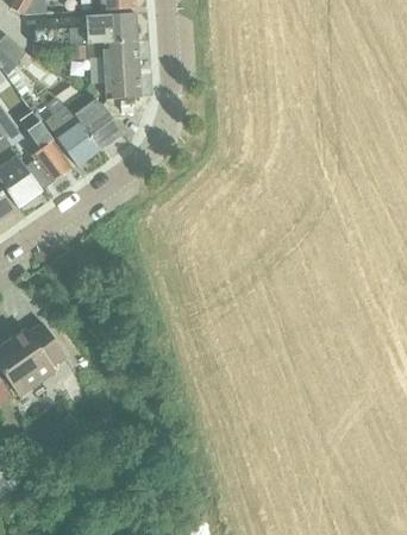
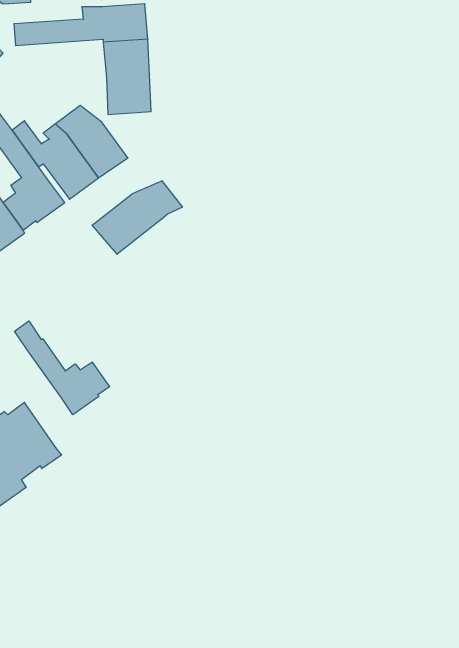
building: none -> [92,181,182,254]
building: none -> [15,321,110,415]

